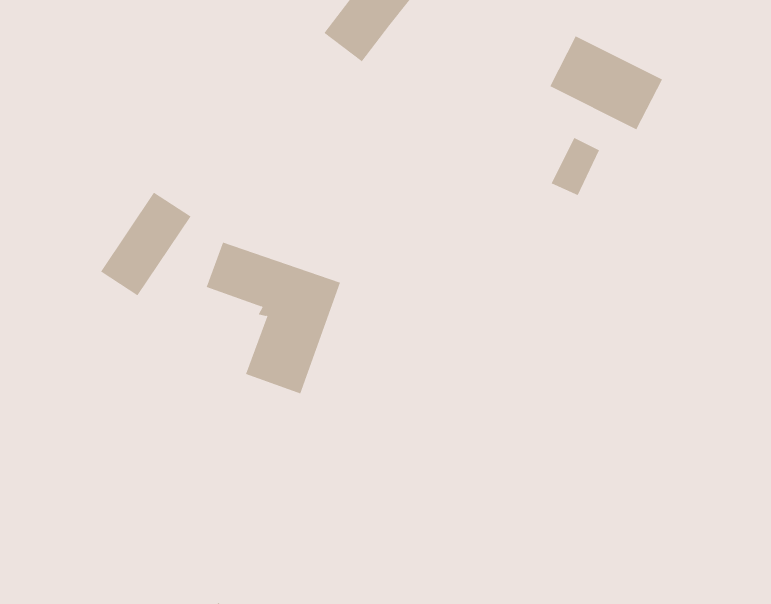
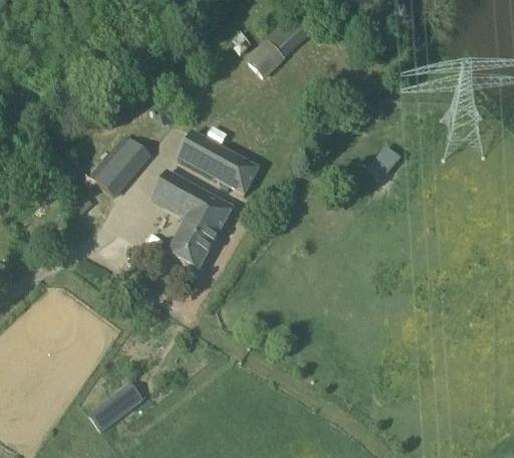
building: [549,36,663,130] -> none
building: none -> [178,133,258,194]

